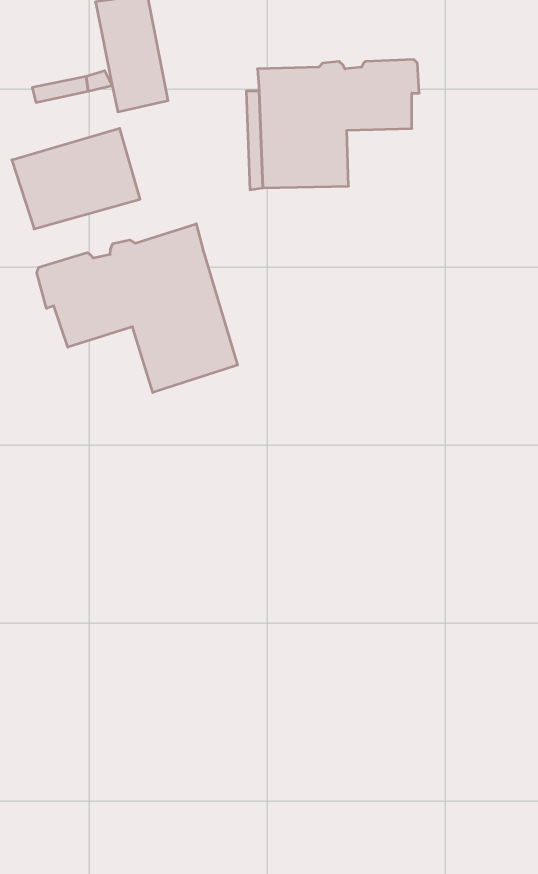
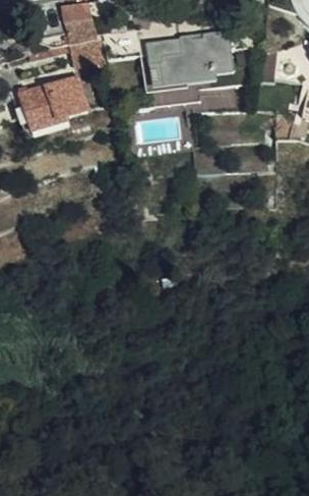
building: [37,224,238,393] -> none

